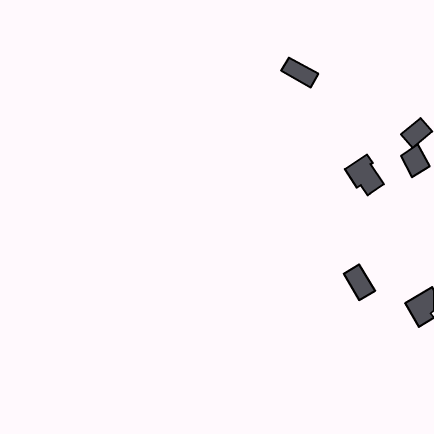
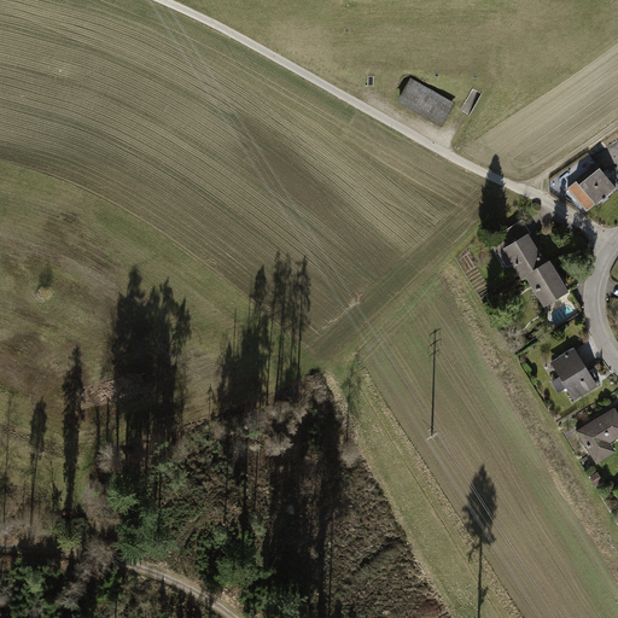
building: [401,144,430,177] -> [526,258,567,305]
building: [344,264,375,300] -> [552,348,596,398]

